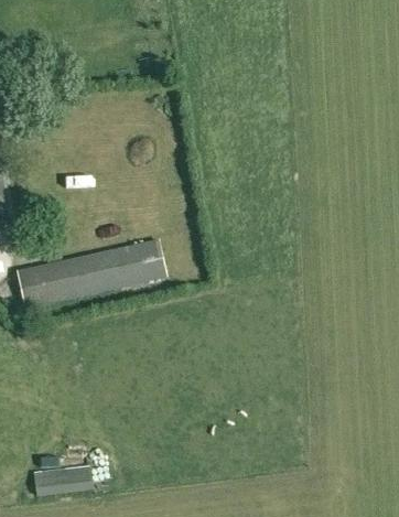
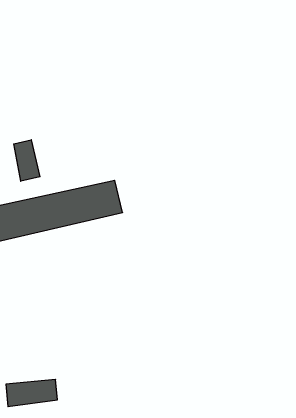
building: none -> [14,140,40,181]

